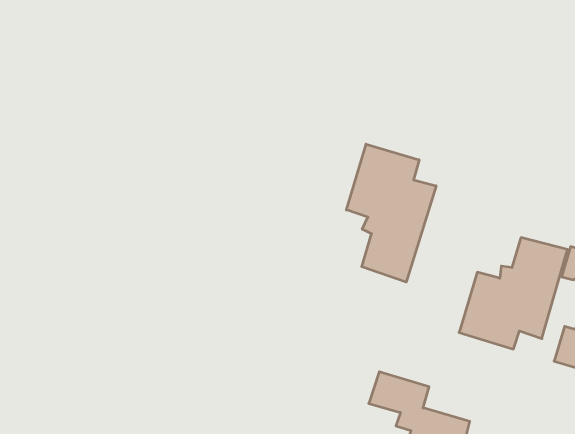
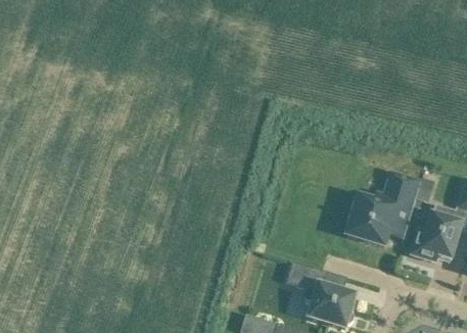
building: [346,144,436,282] -> none

